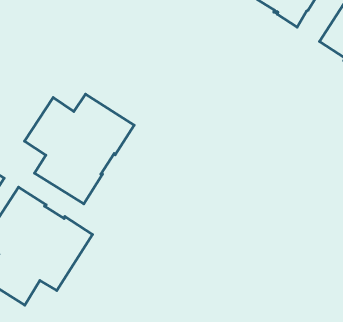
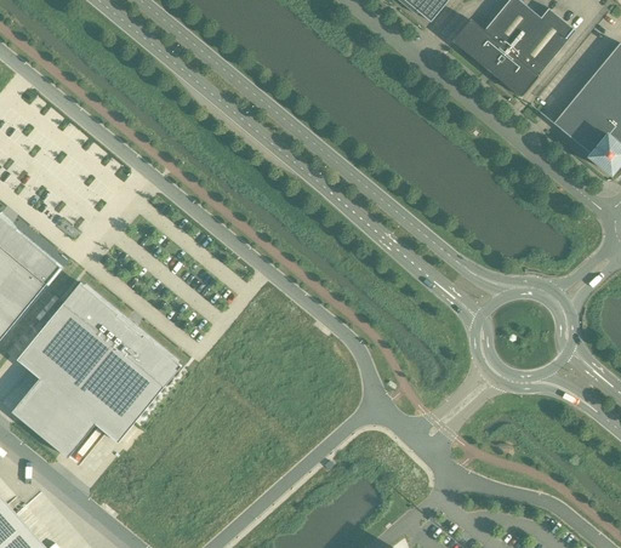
building: [24,94,134,204] -> none

